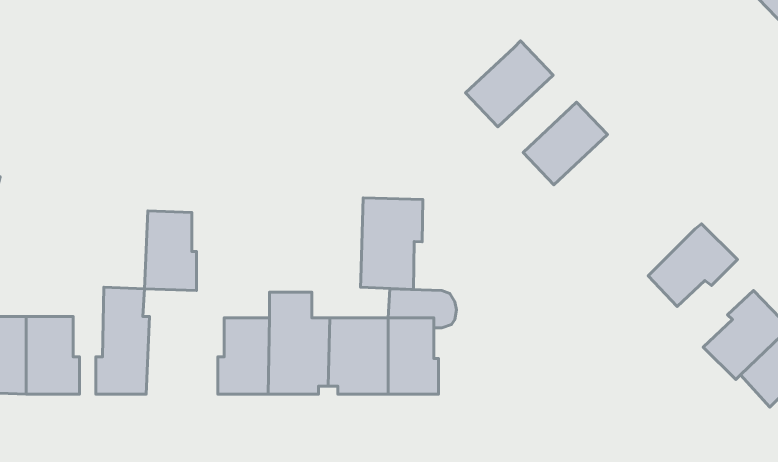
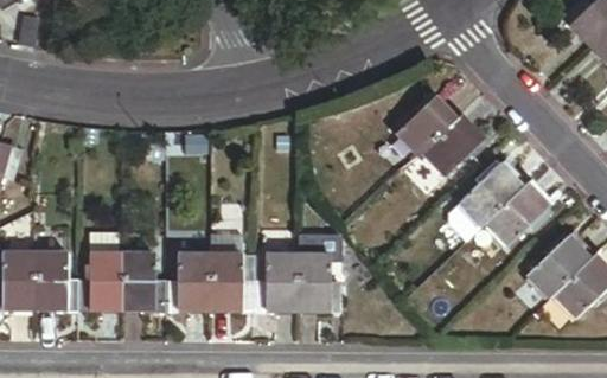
building: [465,41,553,127] -> [422,115,486,178]
building: none -> [449,162,522,237]
building: [360,198,423,289] -> none
building: [145,211,197,290] -> [121,252,159,310]

